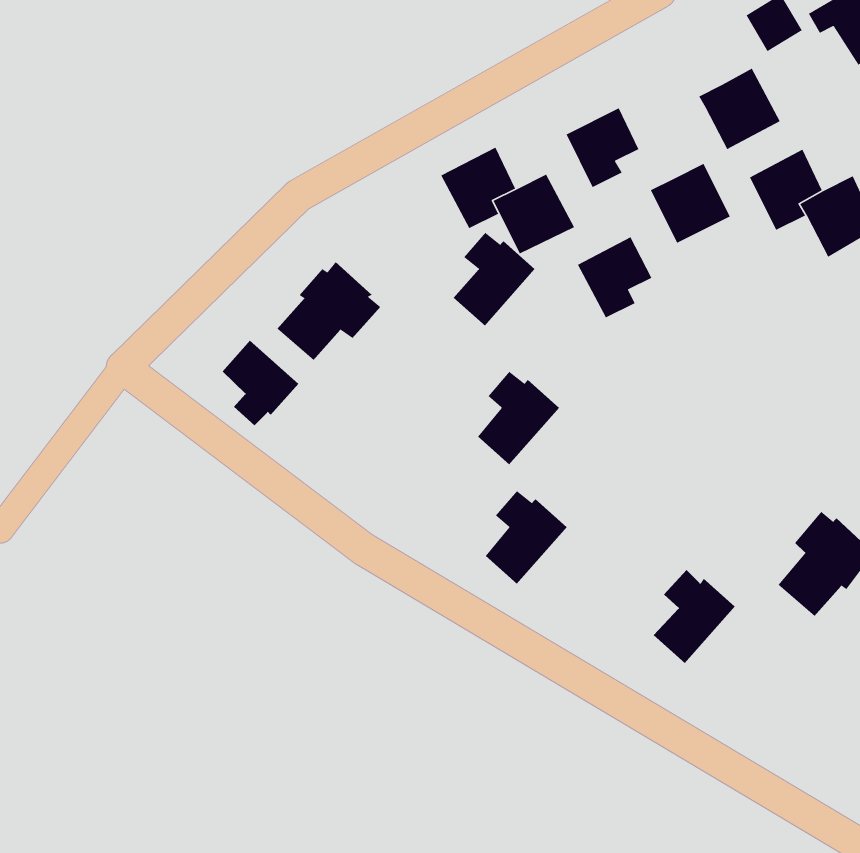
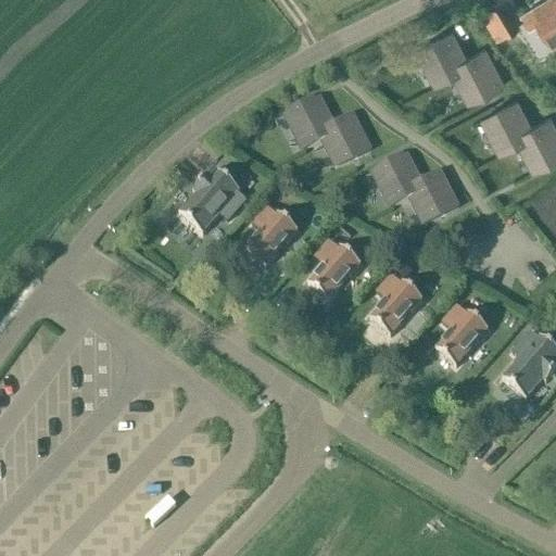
building: [565,107,640,188] -> [418,27,466,79]
building: [650,163,731,244] -> [406,169,458,222]
building: [453,232,536,326] -> [245,205,299,266]
building: [222,340,299,426] -> none
building: [485,490,567,585] -> [370,274,424,334]
building: [653,569,736,664] -> [435,304,489,365]

